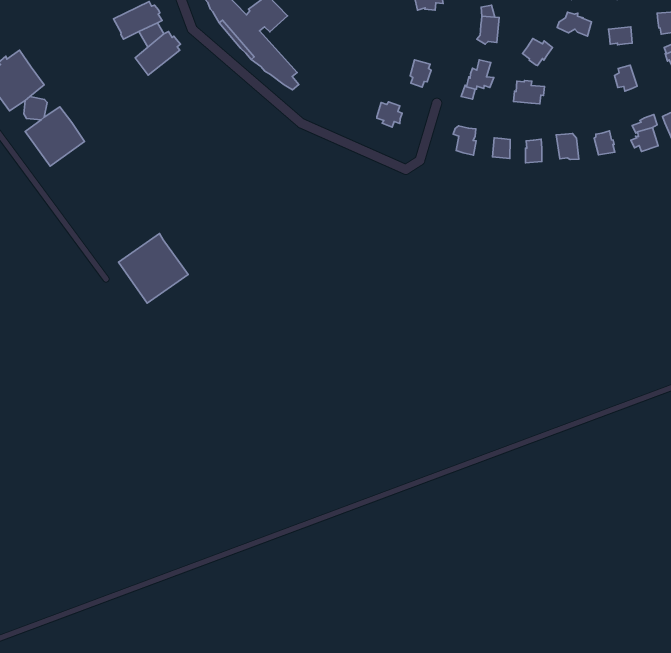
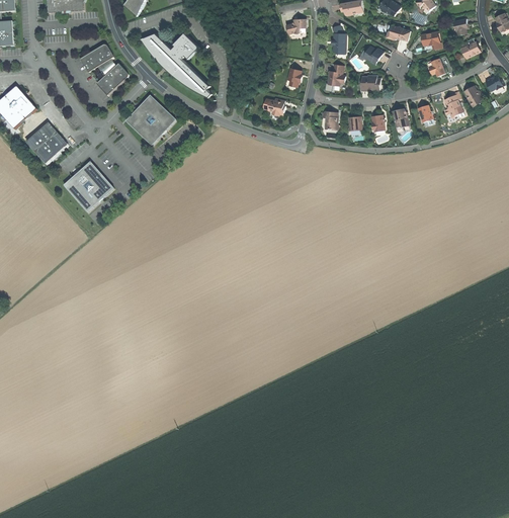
building: none -> [126,95,175,145]
building: [119,233,188,303] -> [65,162,113,210]

